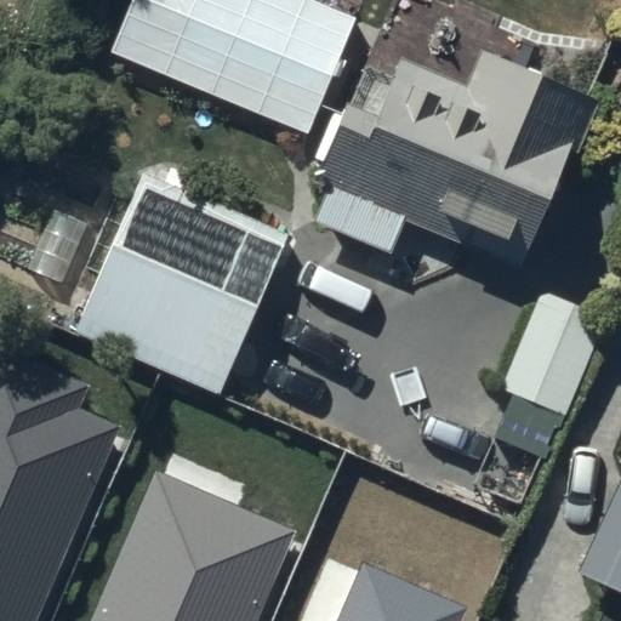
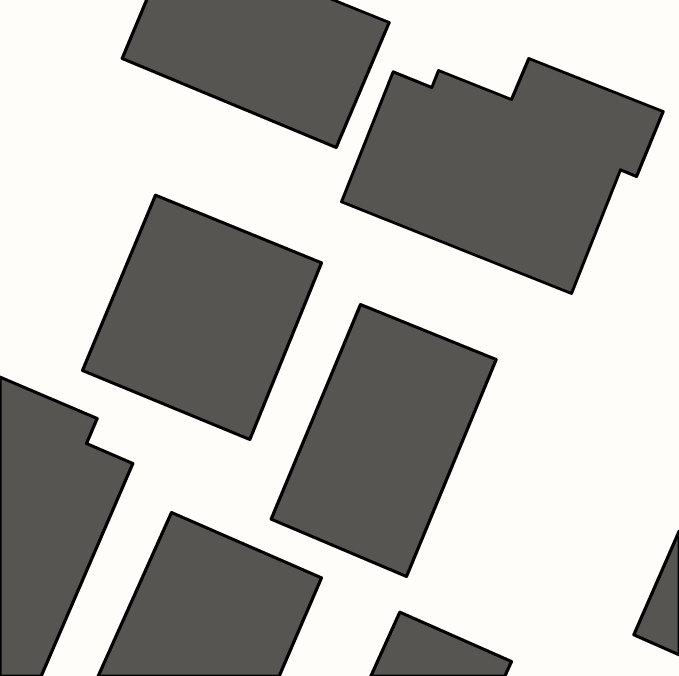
building: none -> [271,305,496,577]
building: [495,296,604,449] -> none

